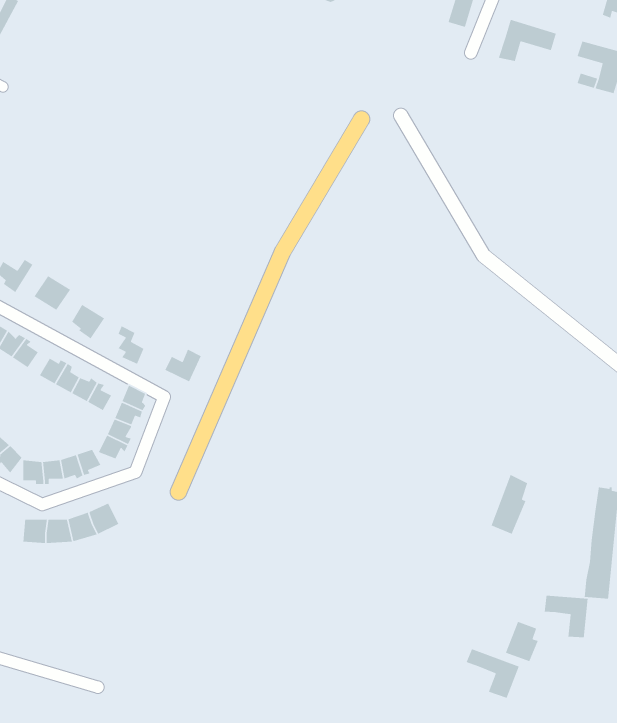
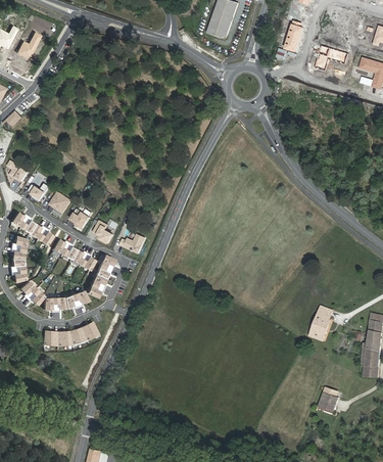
building: [544,595,588,638] -> none
building: [466,648,520,699] -> none

